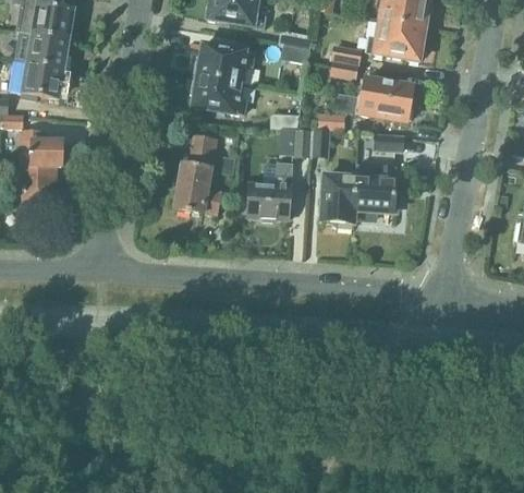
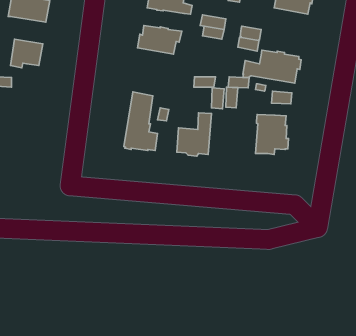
building: [367,20,428,60] -> none
building: [16,32,70,69] -> none
building: [191,74,245,115] -> none
building: [21,131,63,203] -> none
building: [320,175,357,227] -> none

